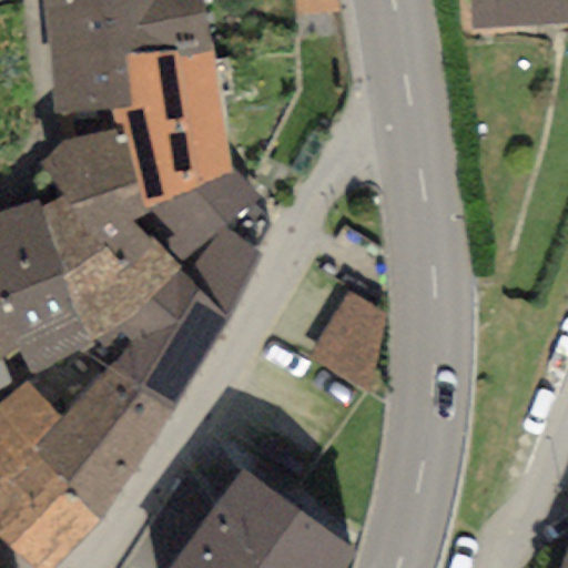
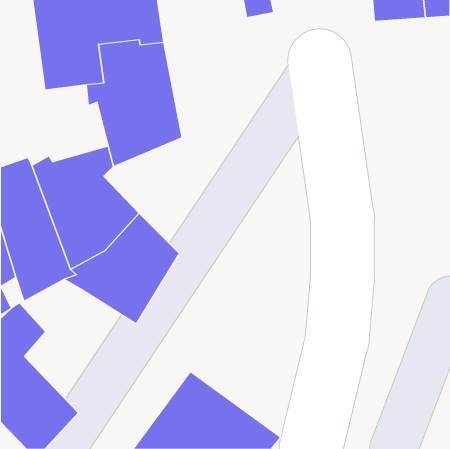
building: [39,129,136,204] -> none
building: [131,173,263,320] -> none
building: [310,294,382,395] -> none
building: [31,365,172,520] -> none

